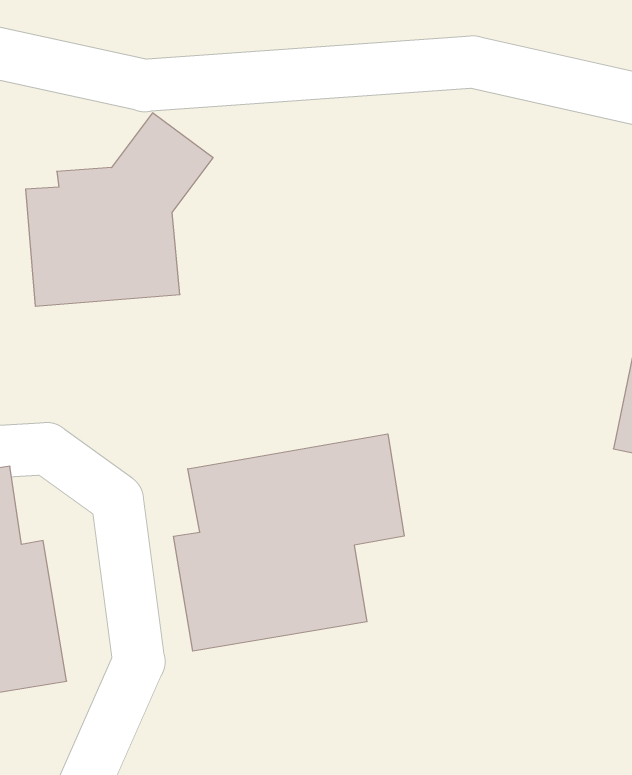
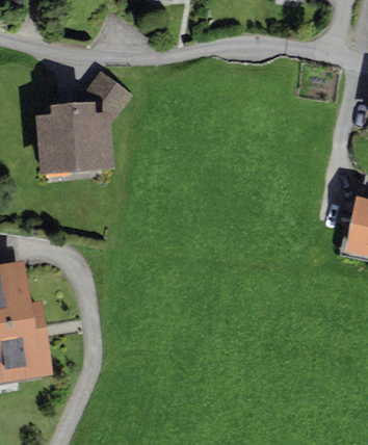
building: [174,434,404,651] -> none

